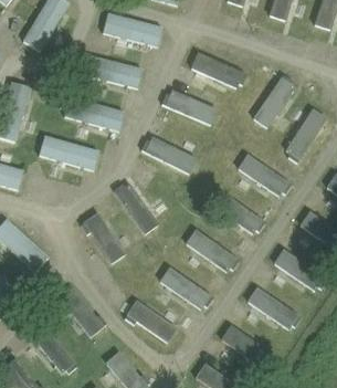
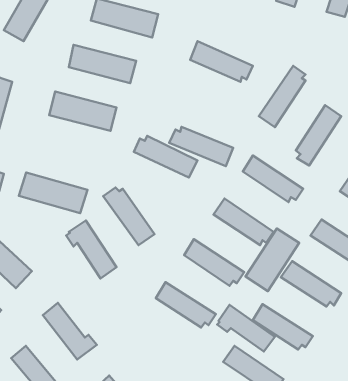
building: [160,90,218,125] -> [169,127,233,166]
building: [38,135,99,171] -> [19,172,88,213]
building: none -> [246,228,299,291]
building: [125,300,177,342] -> [217,305,275,352]

